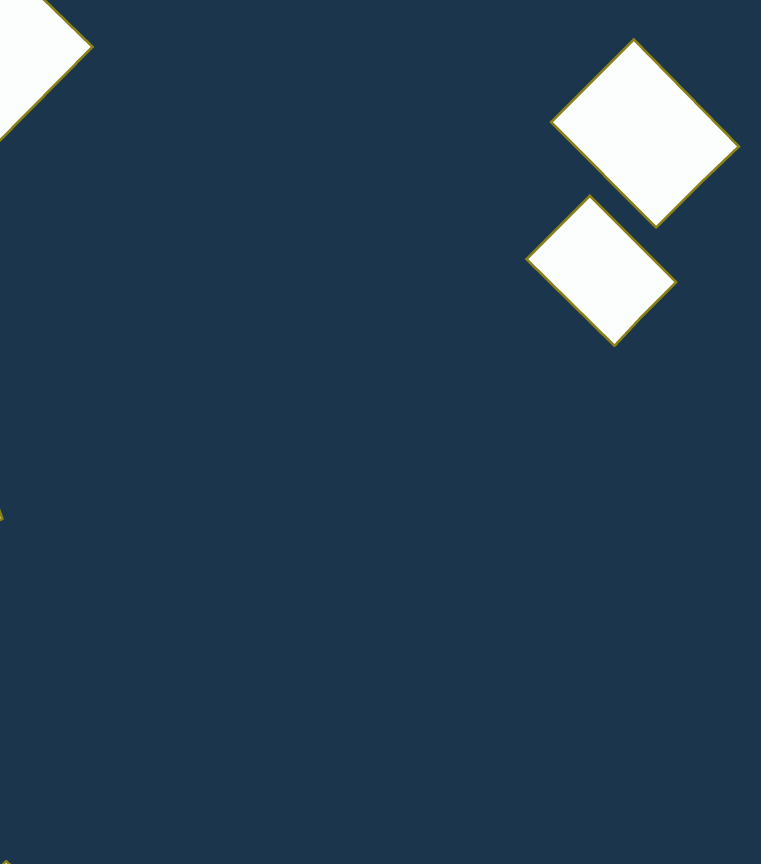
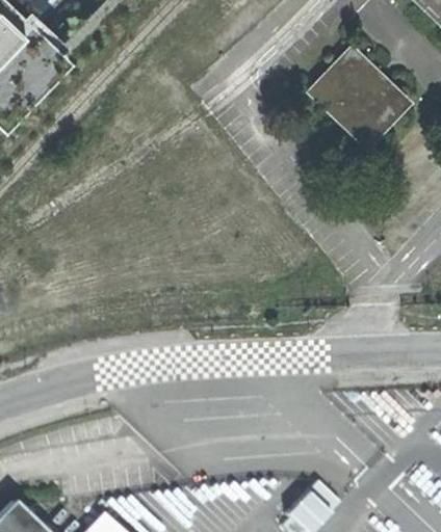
building: [526,196,676,346] -> none

